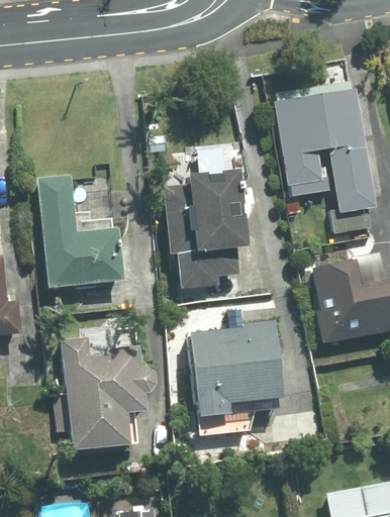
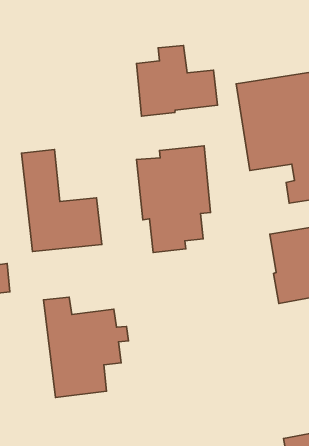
building: none -> [136,45,217,116]
building: [190,323,285,415] -> none

